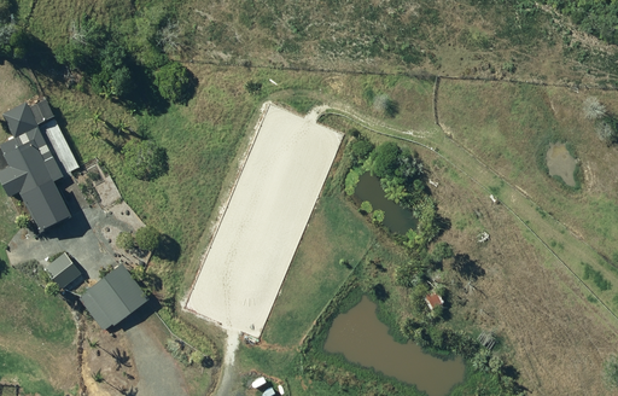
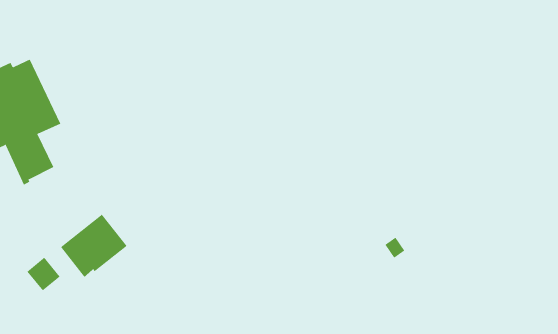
building: [43,252,80,289] -> [26,257,61,291]

